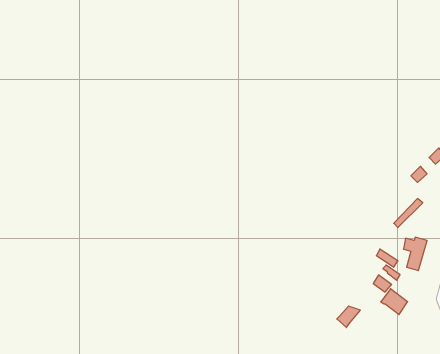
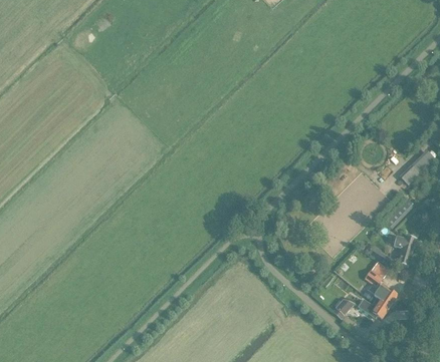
building: none -> [358,296,390,318]

